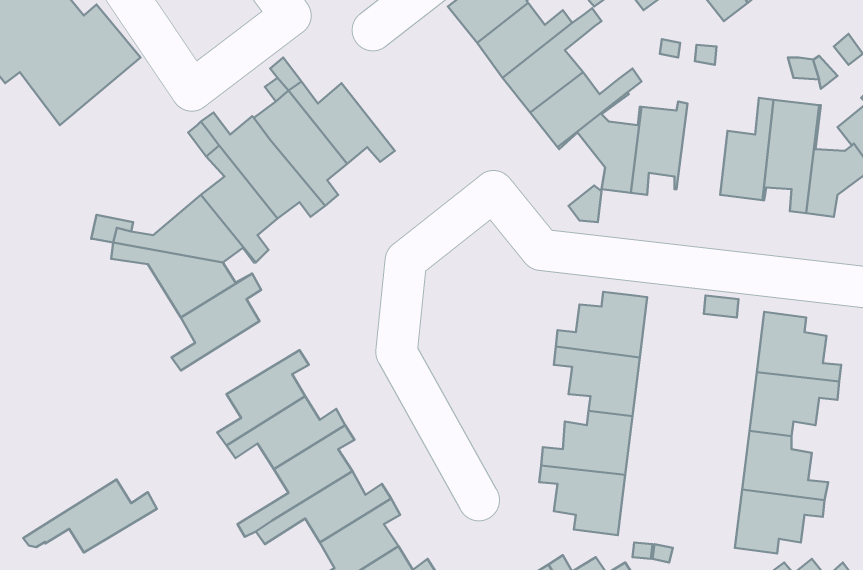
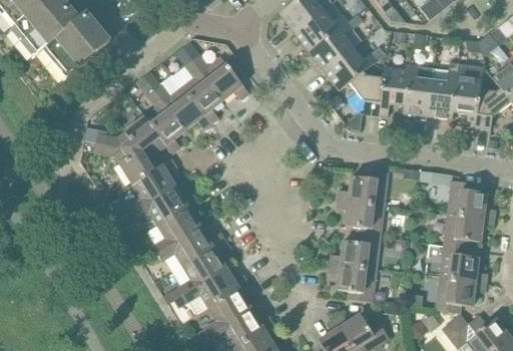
building: none -> [404,64,433,114]
building: [23,479,157,553] -> [124,184,197,224]

